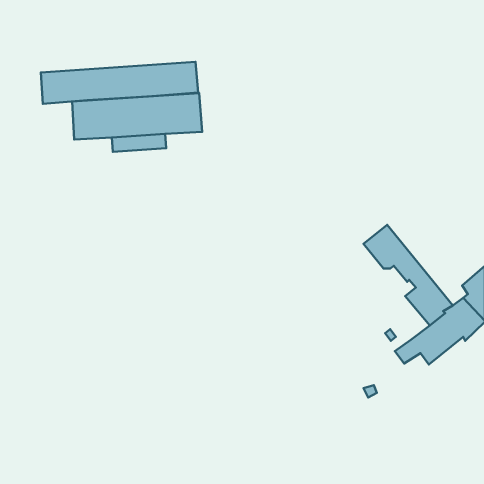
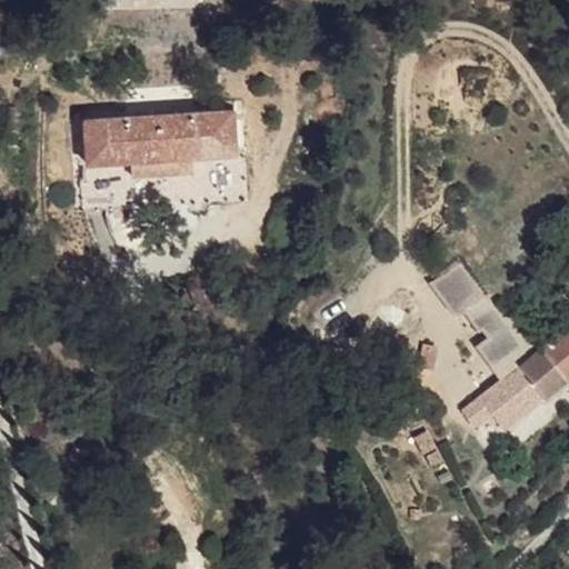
building: [41,62,198,104] -> none

